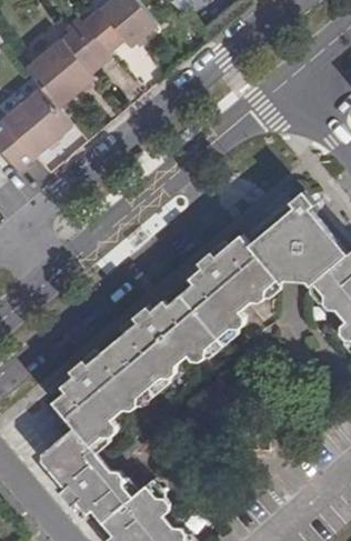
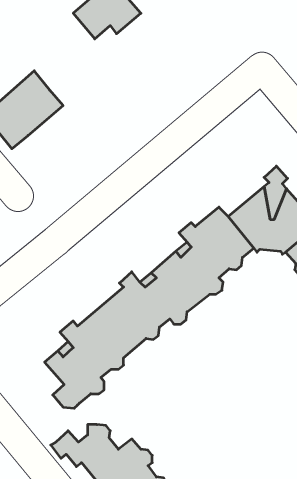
building: [26,18,110,108] -> none
building: [42,438,109,489] -> none

